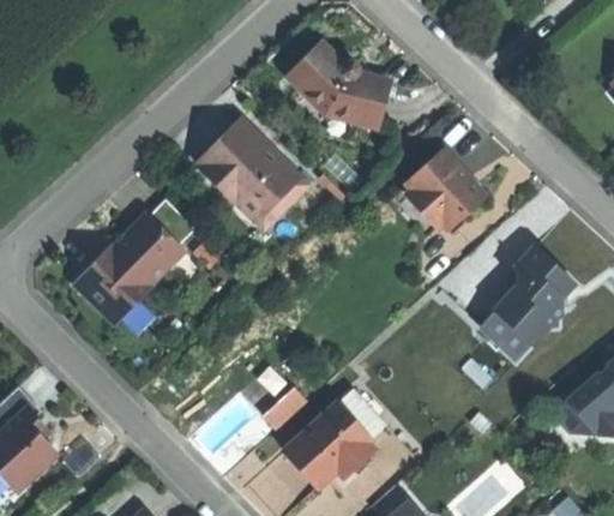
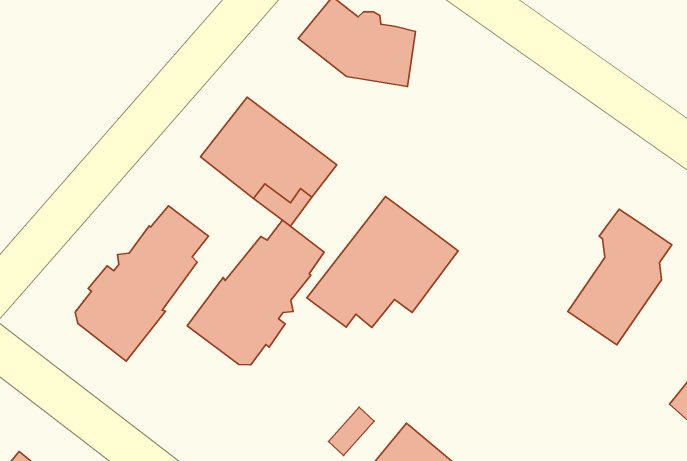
building: [407,151,483,228] -> none
building: none -> [307,197,458,328]
building: none -> [187,220,324,365]

